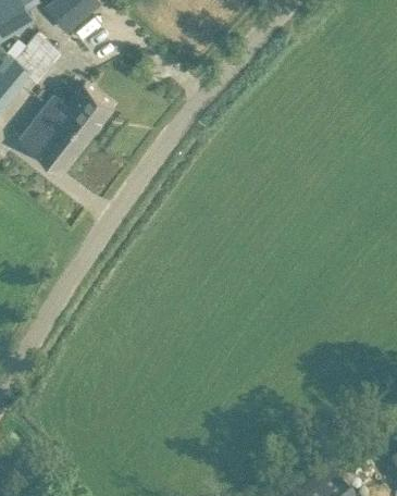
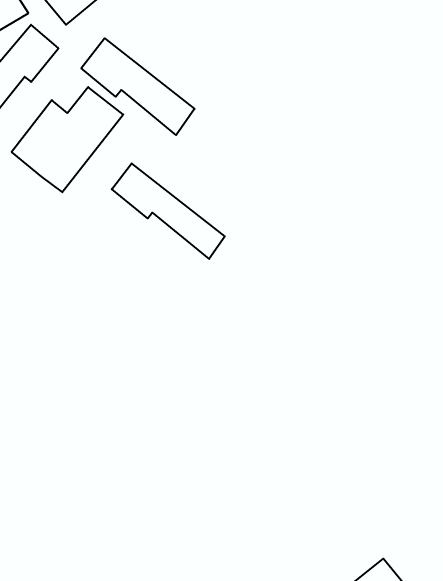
building: none -> [81,38,195,135]
building: none -> [112,163,225,259]

